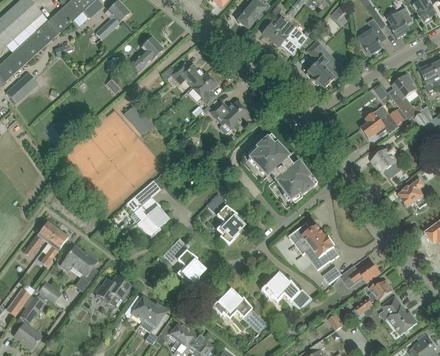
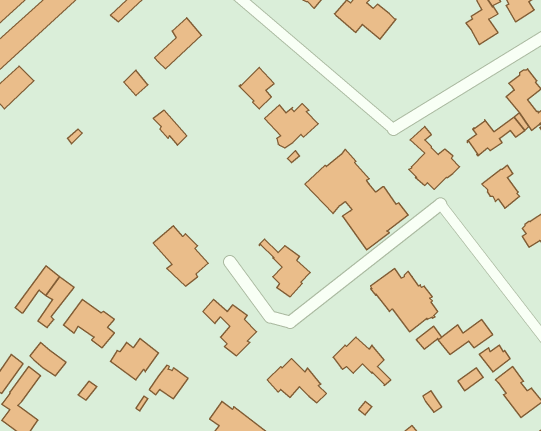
building: [305,41,343,88] -> [409,126,460,189]
building: [171,62,205,87] -> none
building: [139,302,168,335] -> none

